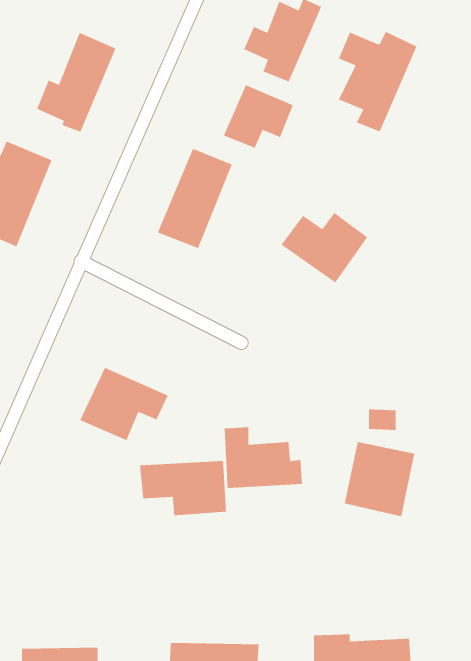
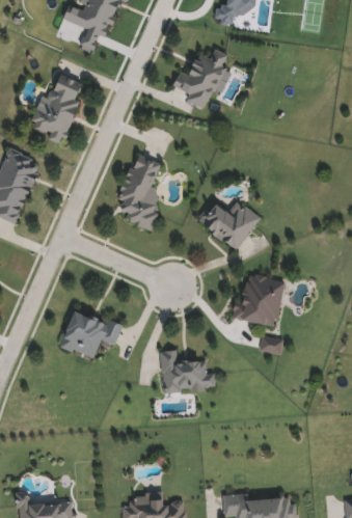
building: [338,31,417,133] -> none
building: [223,84,294,149] -> none
building: [344,441,415,517] -> [235,273,285,326]
building: [139,460,227,516] -> none

